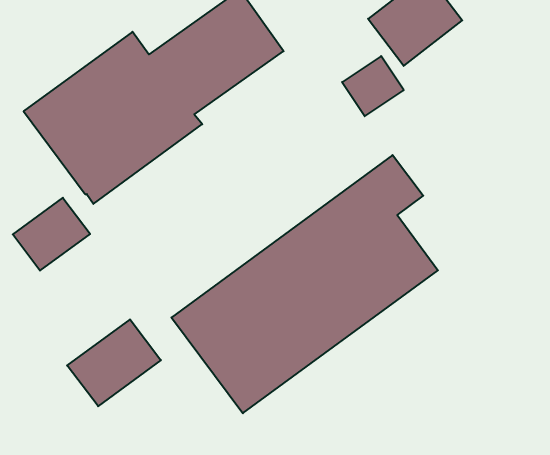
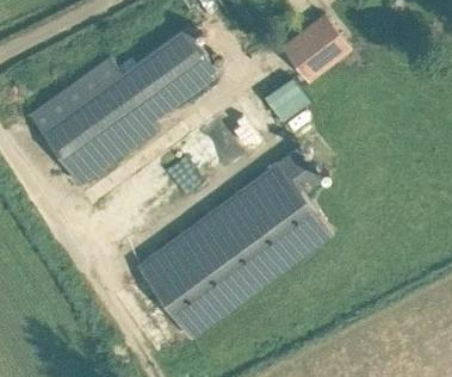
building: [13,198,90,271] -> none
building: [67,319,161,406] -> none

